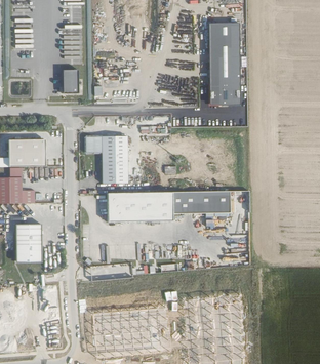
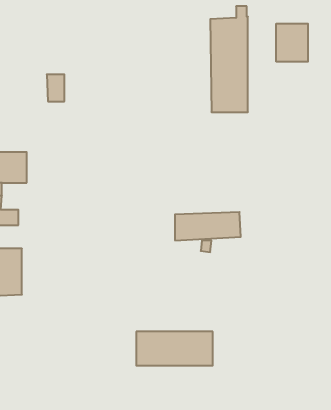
building: none -> [276,24,308,62]
building: [87,136,128,184] -> none
building: [107,193,173,223] -> [136,332,213,366]

